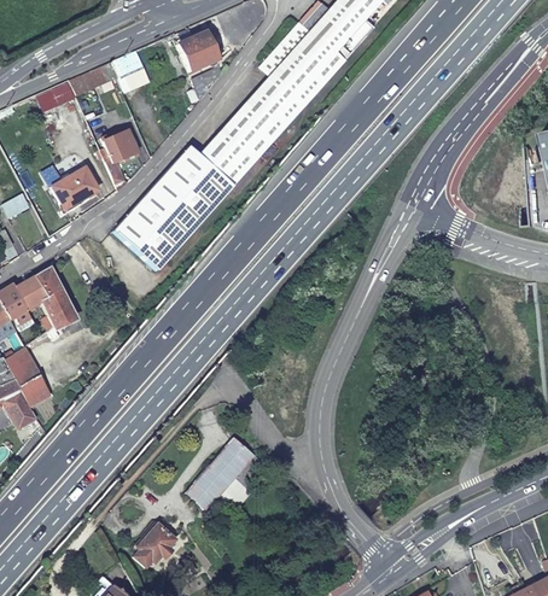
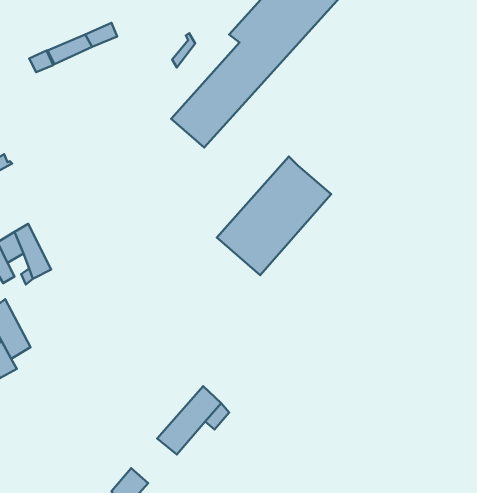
building: [177,34,217,74] -> none
building: [103,129,138,185] -> none
building: [113,145,234,270] -> [217,156,331,275]
building: [51,166,95,208] -> none

